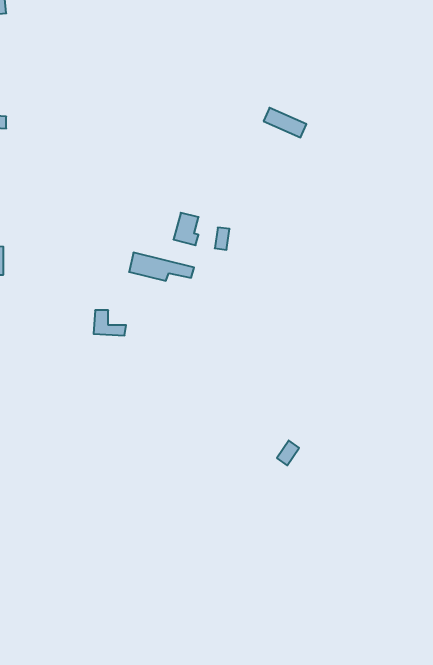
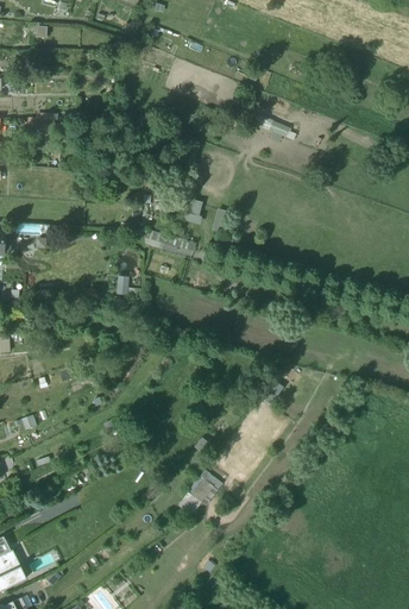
building: none -> [181,470,224,514]

